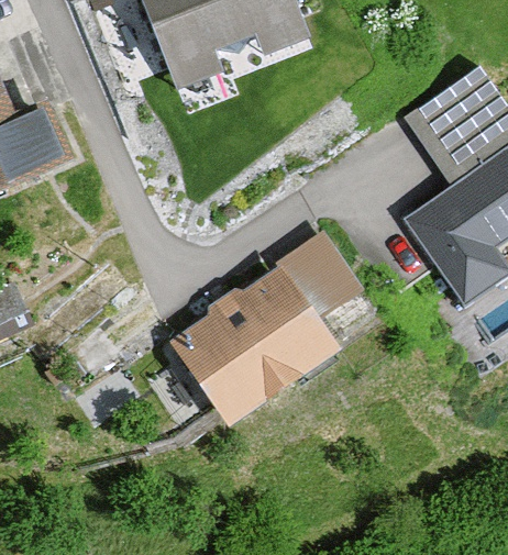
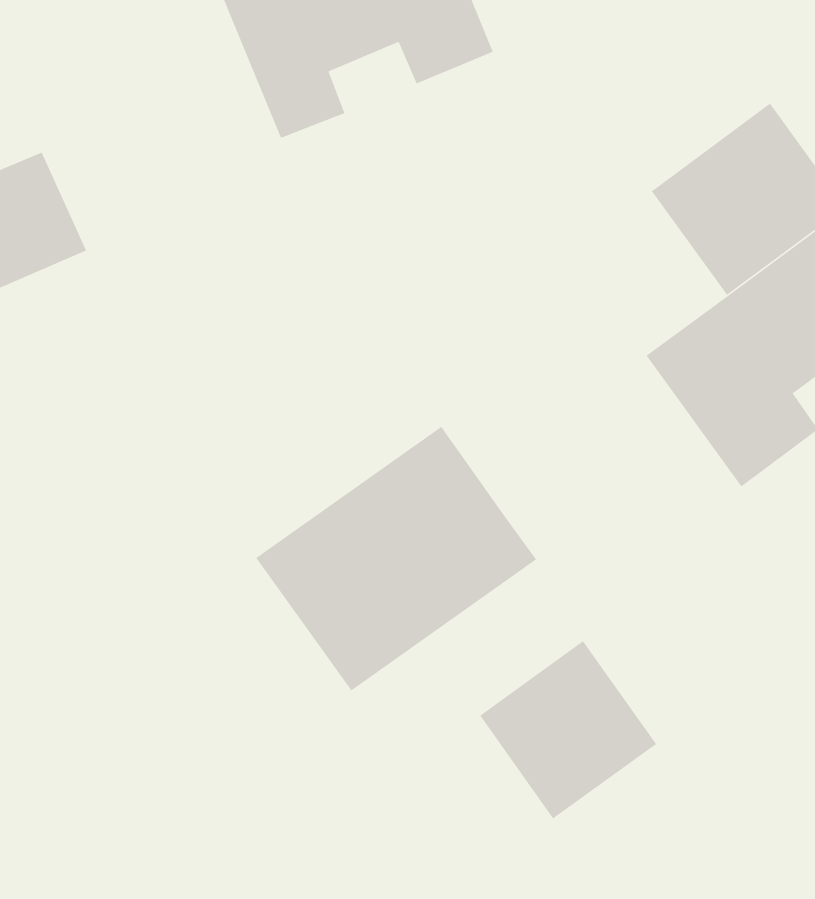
building: [279,232,364,321] -> none
building: none -> [479,640,657,819]

